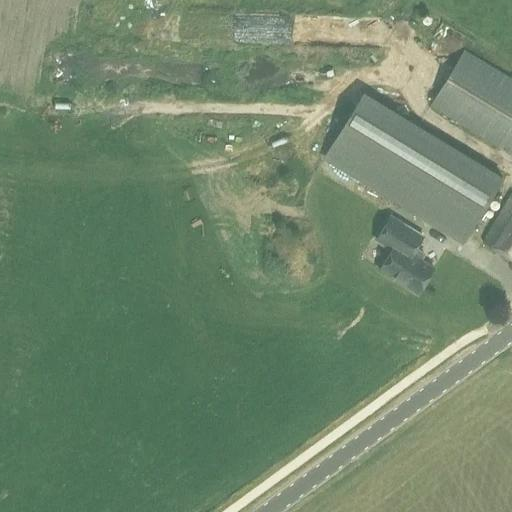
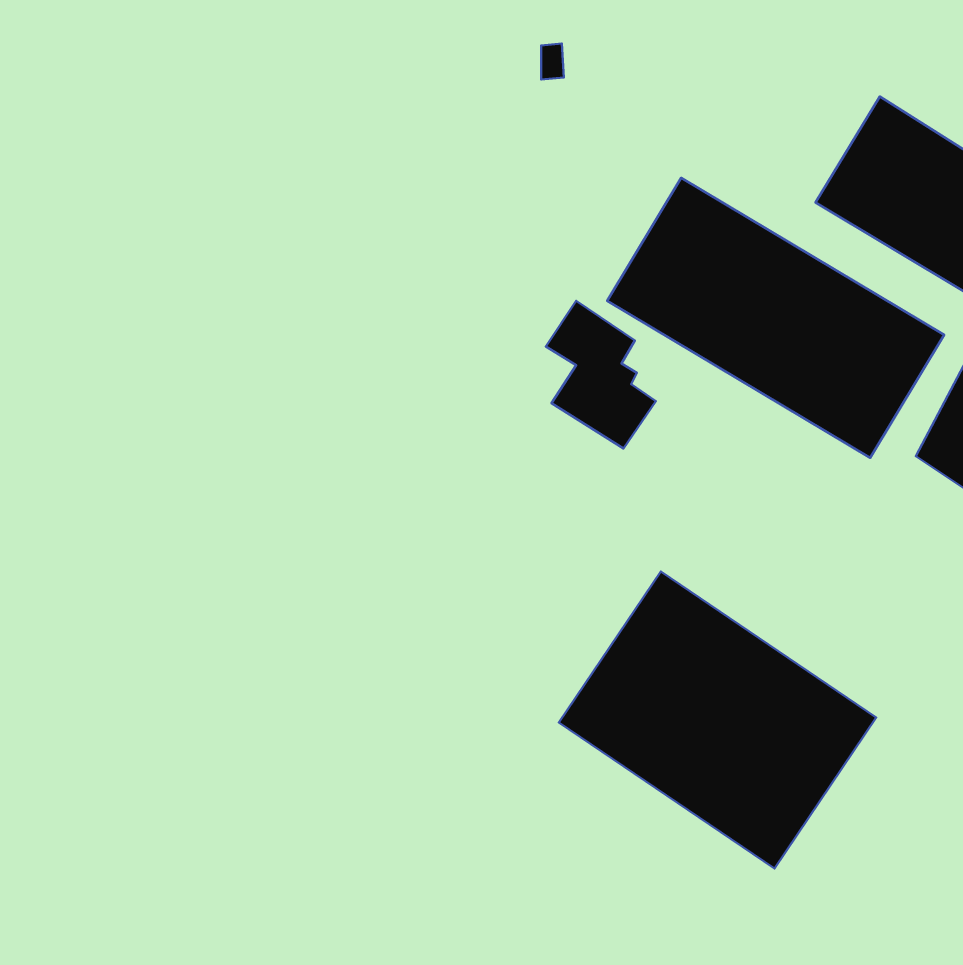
building: [380,215,438,293] -> [546,301,656,449]
building: none -> [559,572,876,868]

